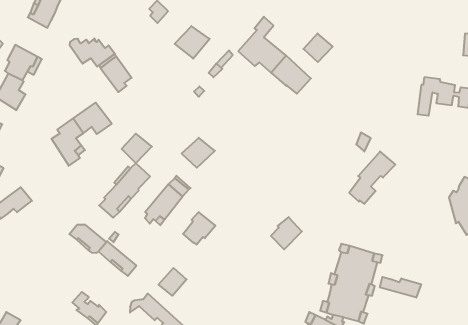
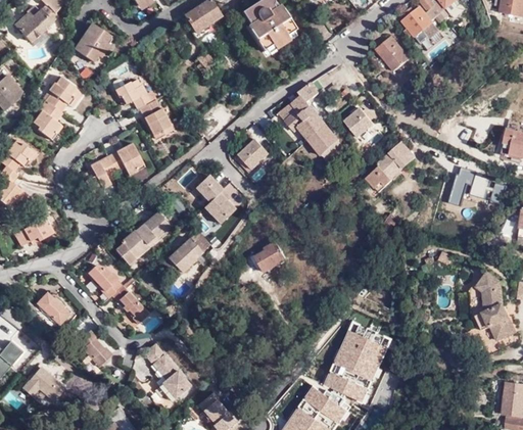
building: [175,26,210,59] -> [241,138,277,171]
building: [122,134,152,163] -> [198,173,229,202]
building: [349,151,395,204] -> [368,142,418,192]
building: [183,212,215,245] -> none
building: [271,217,302,249] -> [258,241,290,273]
building: none -> [33,290,68,324]
building: [159,268,187,296] -> none
building: [380,277,421,298] -> none

